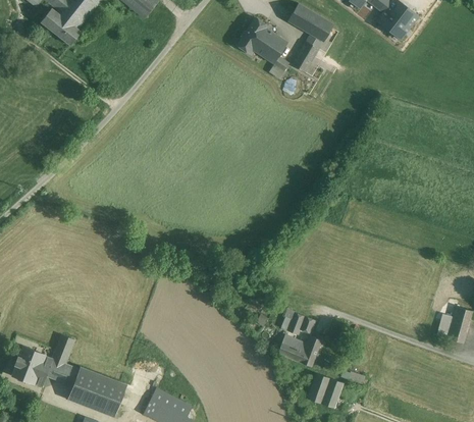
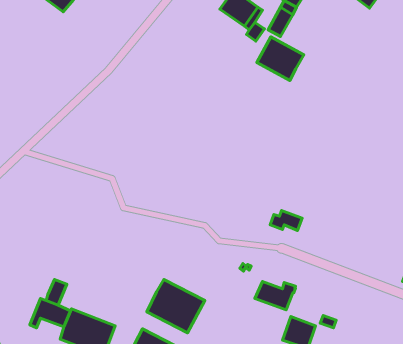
building: none -> [257,37,304,80]
building: [281,313,316,334] -> [270,211,302,230]
building: none -> [147,279,205,333]
building: [12,345,46,382] -> none

